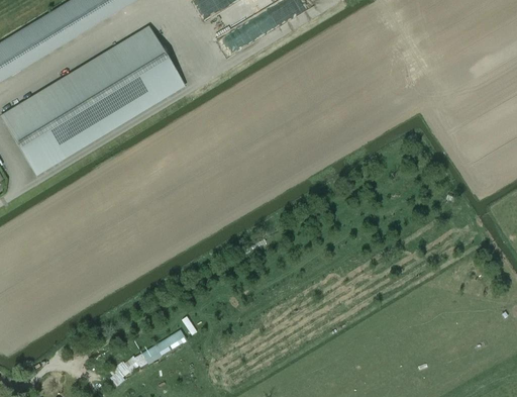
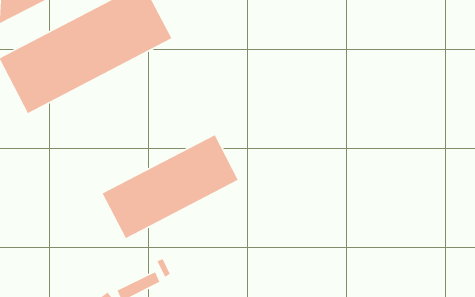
building: none -> [102,134,239,239]

